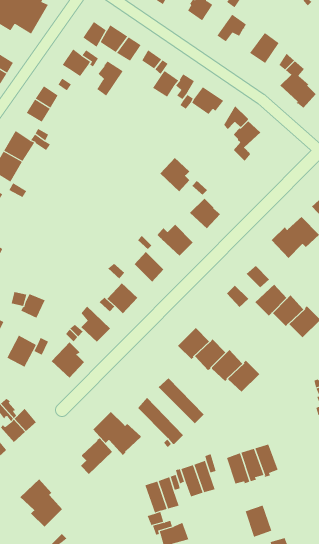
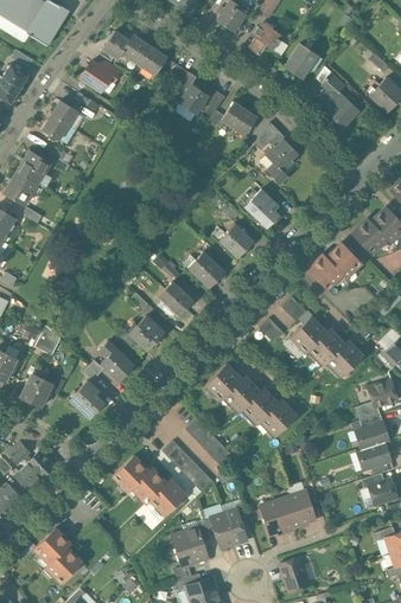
building: [96,60,123,97] -> none
building: [160,157,190,192] -> [246,188,279,226]
building: [80,438,113,475] -> [149,480,185,520]

